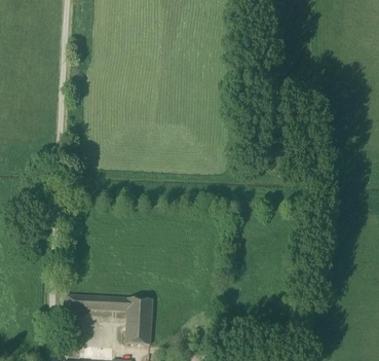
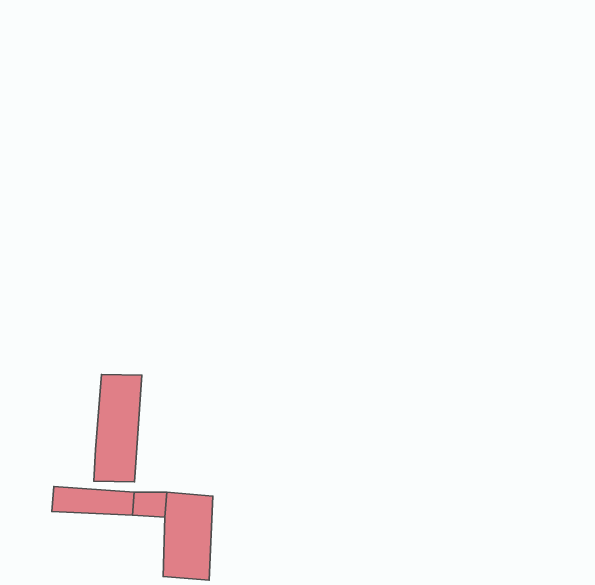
building: none -> [94,374,142,482]

